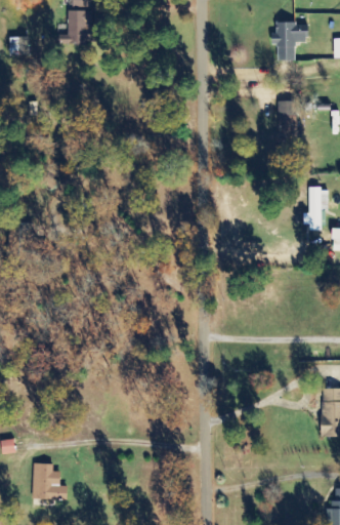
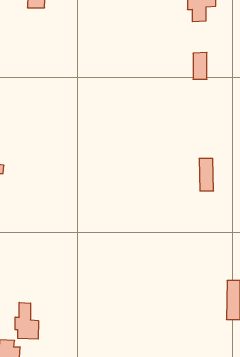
building: [309,188,328,229] -> [199,158,214,191]
building: none -> [15,302,38,339]

